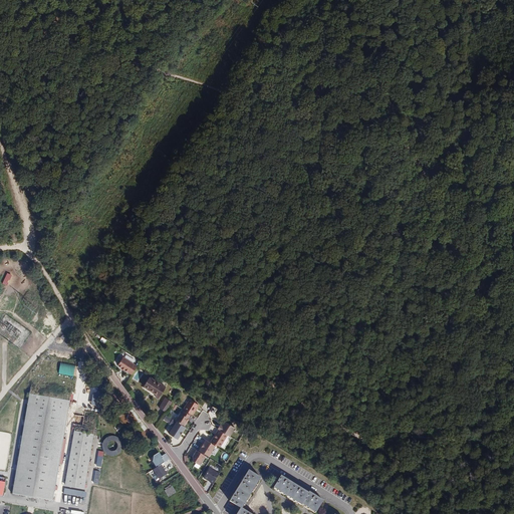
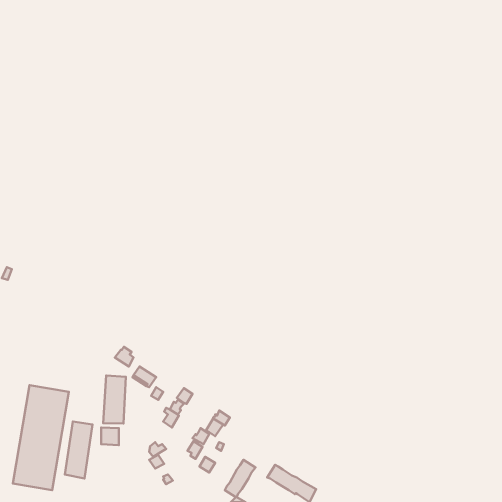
building: none -> [103,376,126,423]

